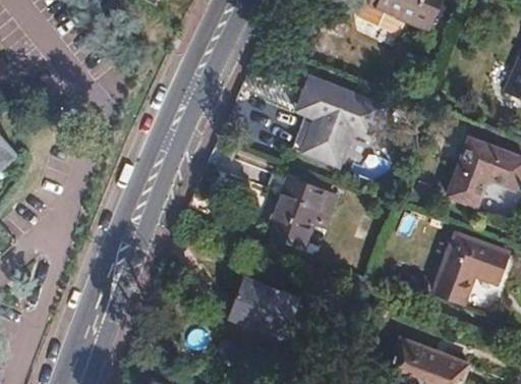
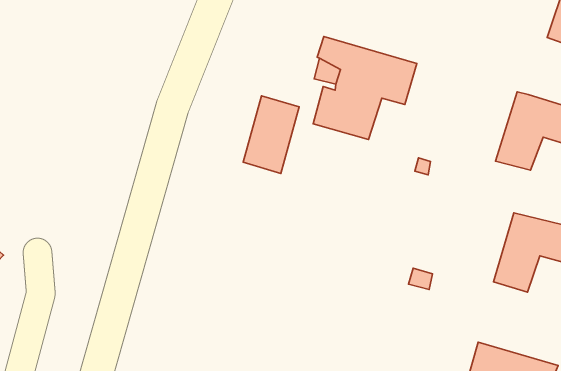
building: [270,178,322,246] -> [243,96,299,173]
building: [229,276,299,339] -> none

